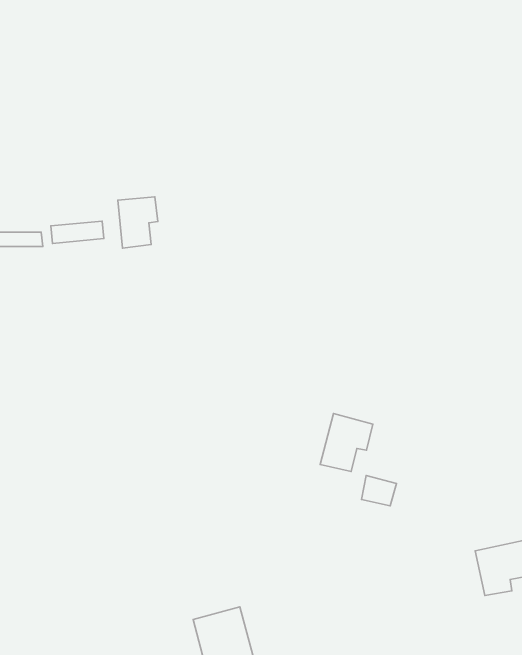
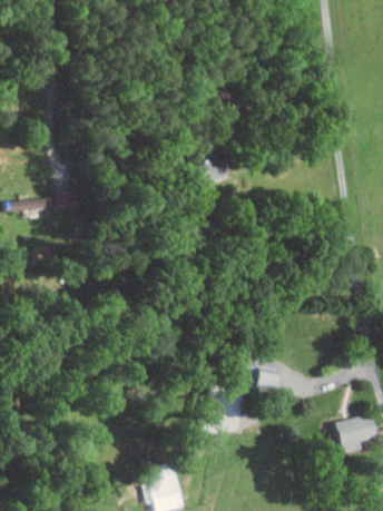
building: [118,197,158,248] -> none
building: [320,414,373,472] -> none

